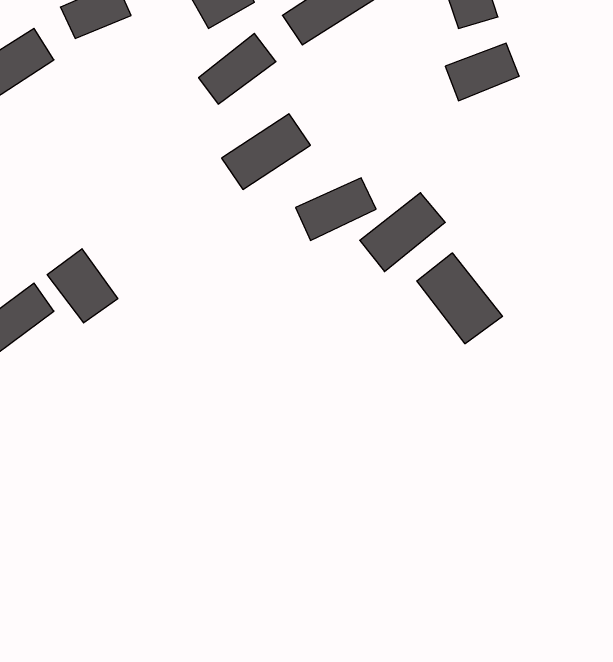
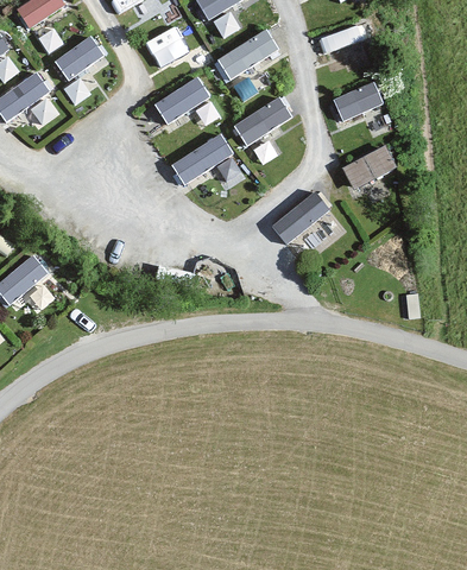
building: none -> [342,144,398,190]
building: [296,178,376,240] -> [233,99,291,144]
building: [47,249,118,323] -> none
building: [417,253,502,344] -> none

